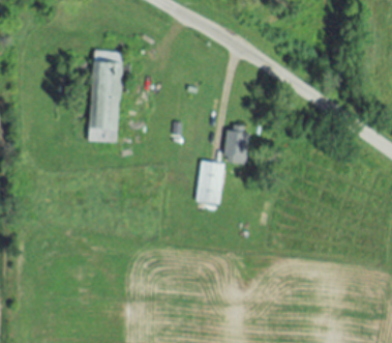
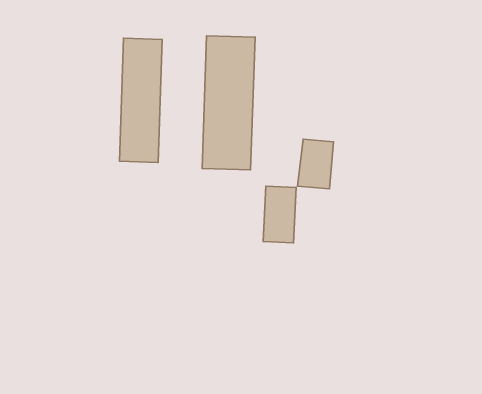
building: none -> [202,36,255,170]

